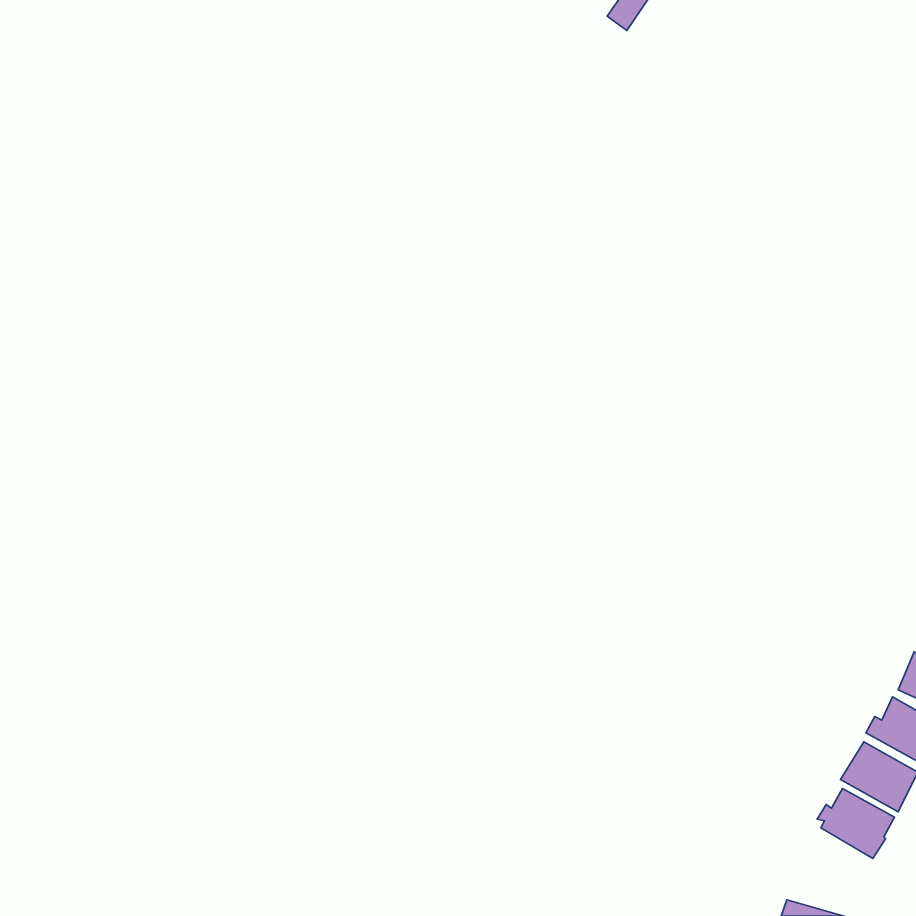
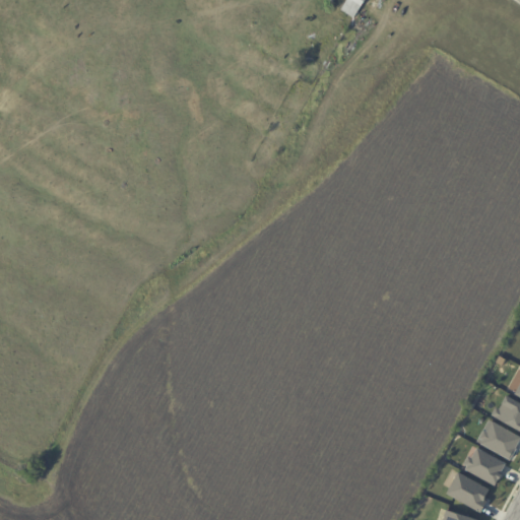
building: none -> [445,470,490,512]

